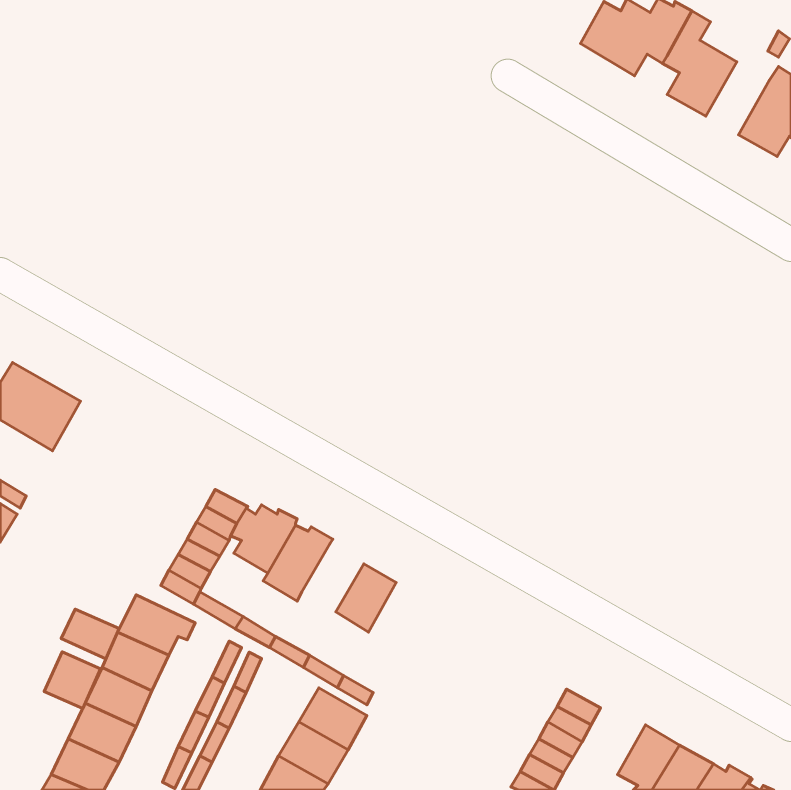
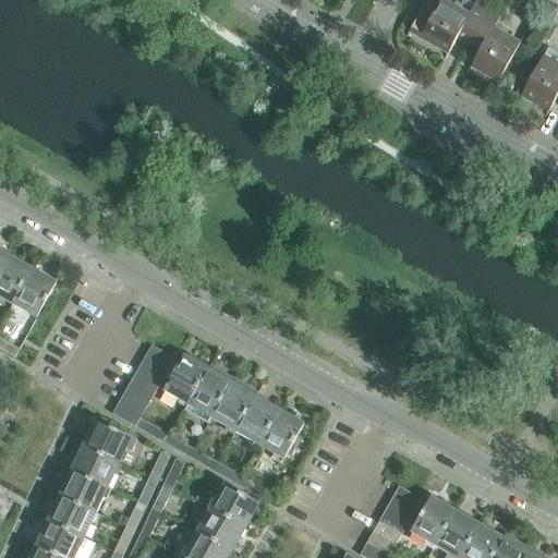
building: none -> [213,383,258,430]
building: none -> [259,410,304,459]
building: [61,609,119,659] -> none
building: [44,652,101,708] -> none
building: none -> [411,496,454,545]

